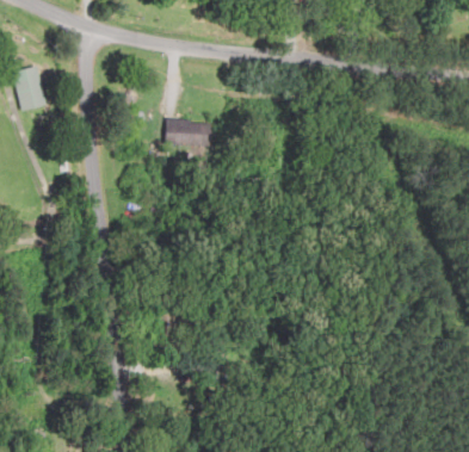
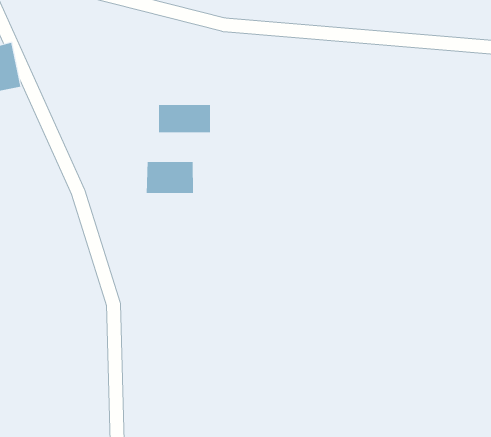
building: none -> [146,161,194,194]

